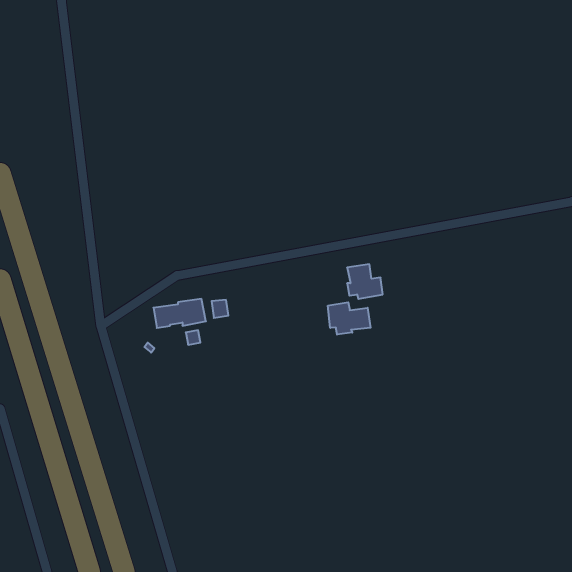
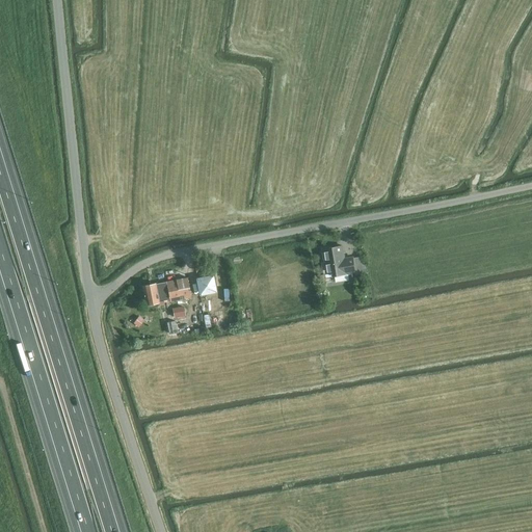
building: [328,302,371,335] -> none

